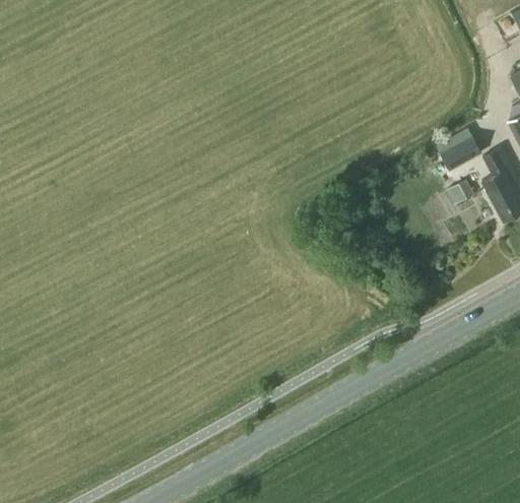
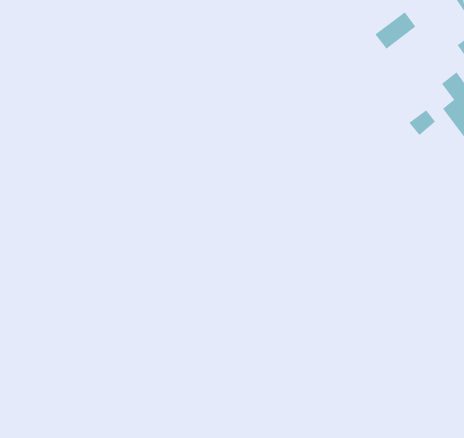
building: [439,136,480,170] -> [374,11,416,49]

